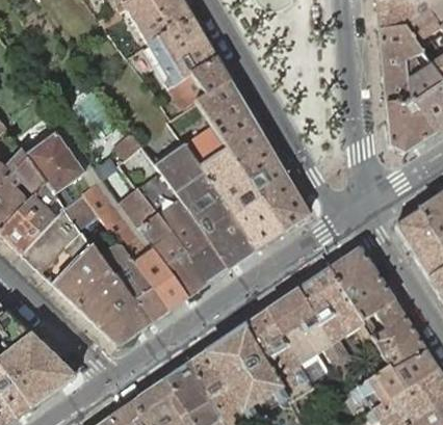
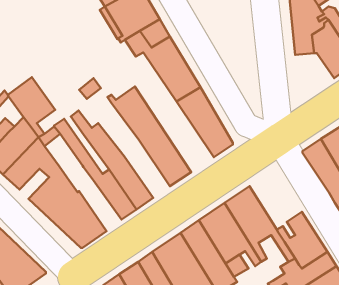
building: [168,101,285,249] -> none
building: [387,101,436,152] -> none
building: [140,171,230,282] -> none
building: [101,241,170,323] -> none
building: [330,247,395,321] -> none

